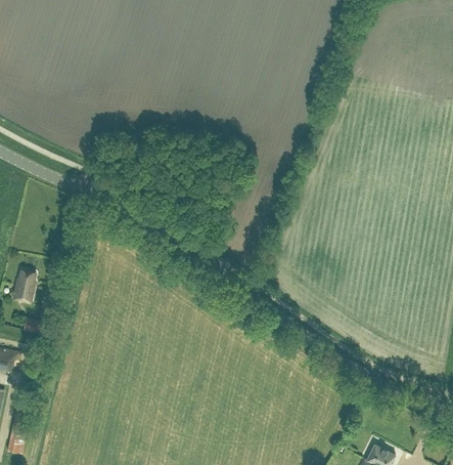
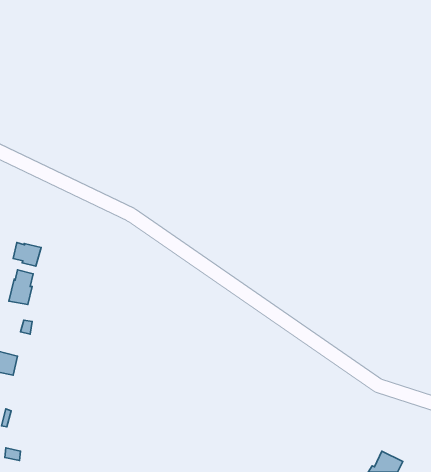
building: none -> [13,242,41,266]

